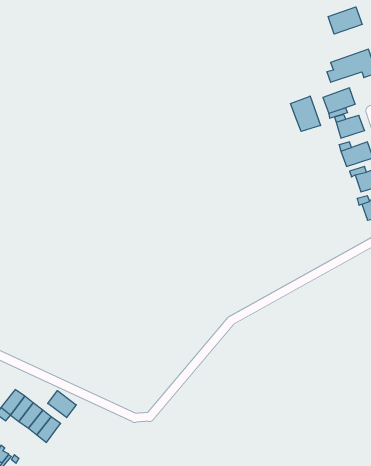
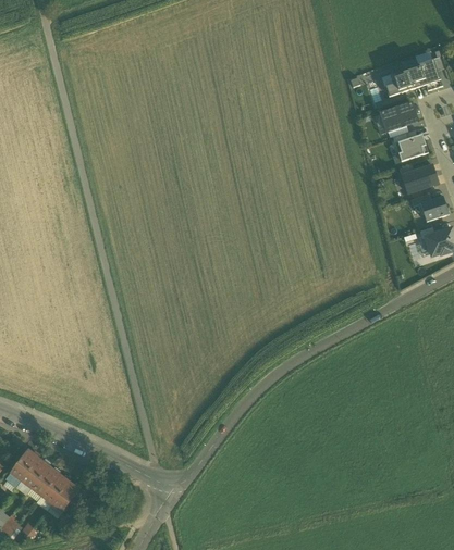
building: [328,7,362,34] -> none
building: [291,96,321,131] -> none
building: [48,391,76,418] -> none

